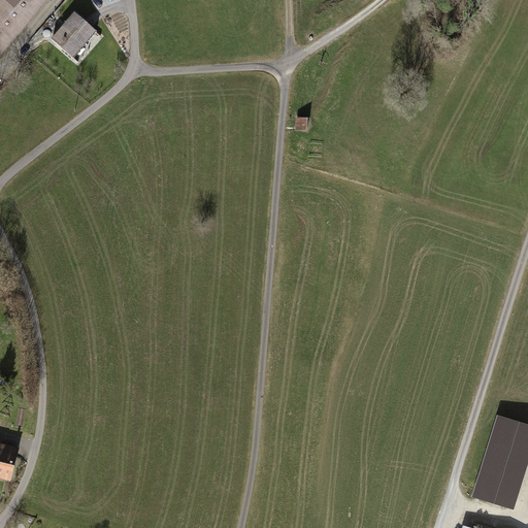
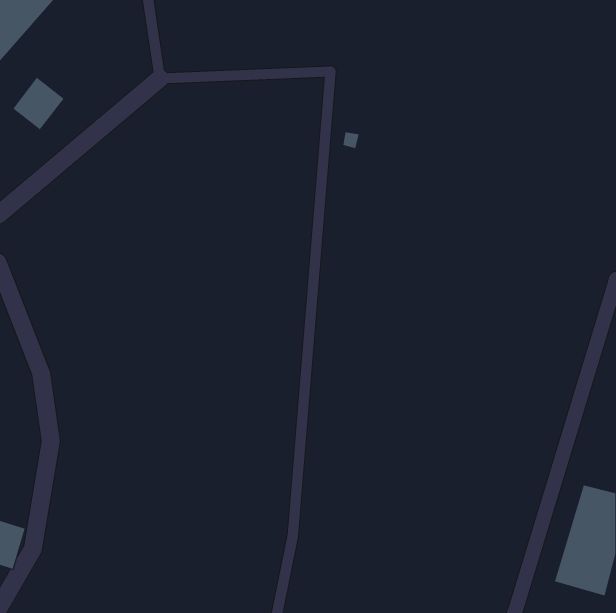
building: [53,12,97,58] -> [12,77,64,130]

